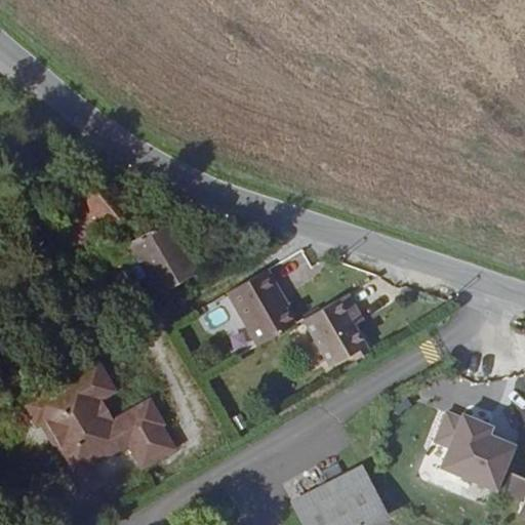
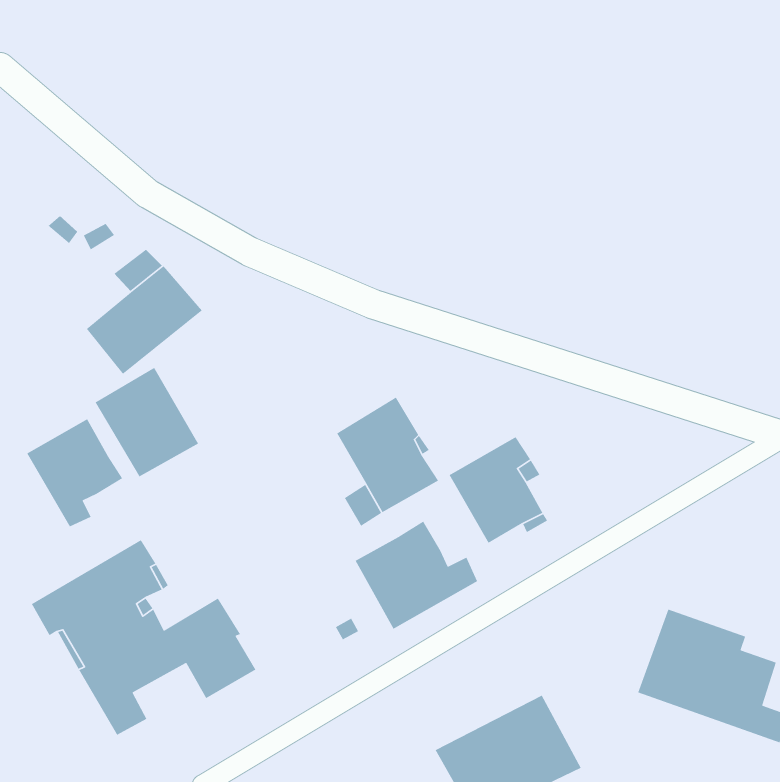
building: [132,217,202,291] -> [95,367,199,478]
building: none -> [26,418,123,528]
building: none -> [354,521,478,630]

